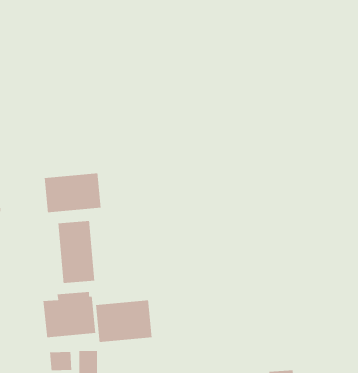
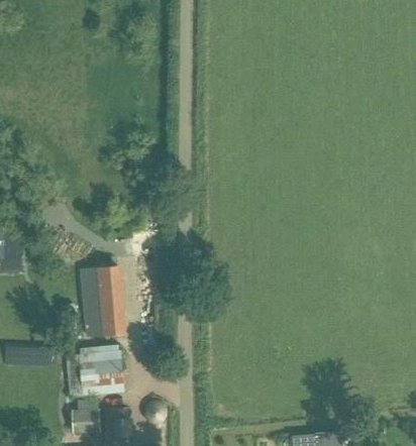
building: [44,173,102,213] -> none
building: [95,299,153,343] -> none

